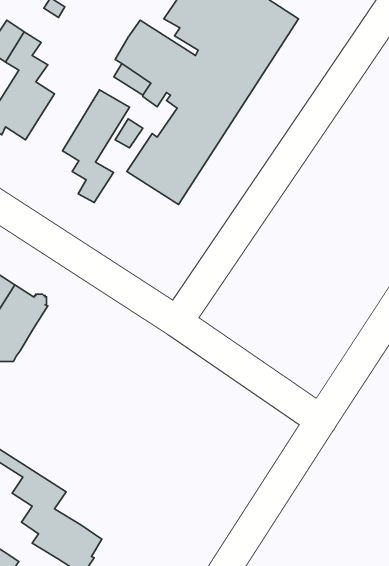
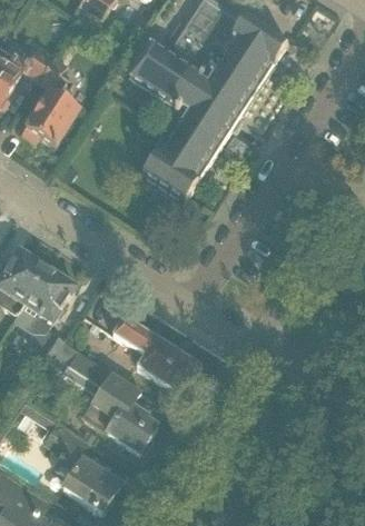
building: [63,90,130,203] -> none
building: none -> [111,316,201,395]
building: none -> [50,340,157,453]

